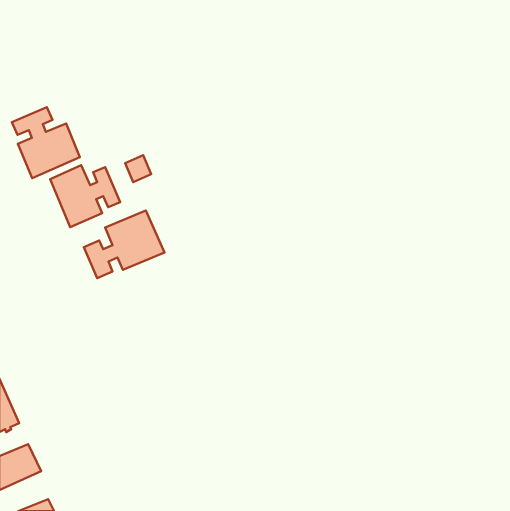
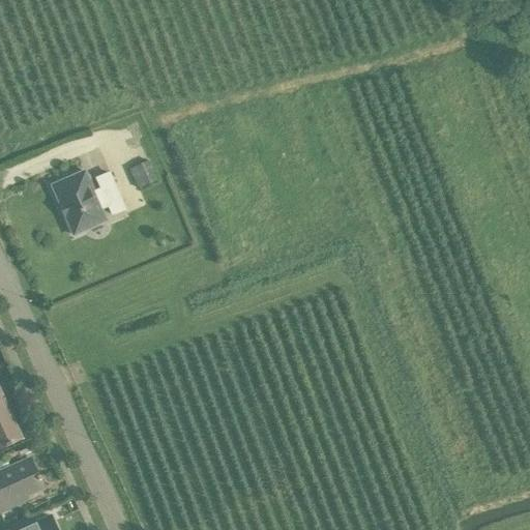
building: [12,107,80,178] -> none
building: [84,211,164,278] -> none

